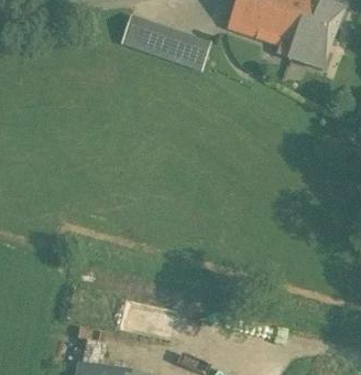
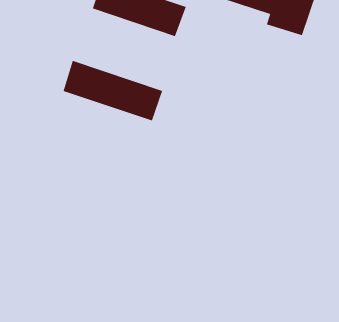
building: none -> [63,60,163,122]

